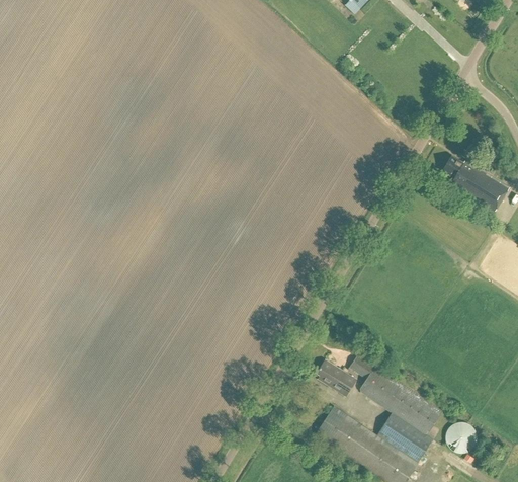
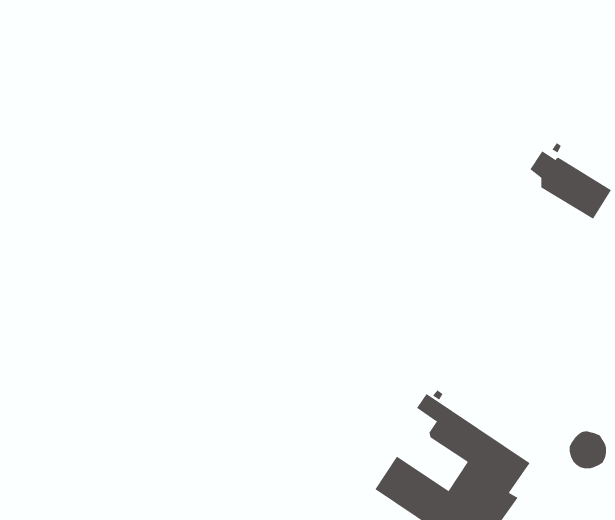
building: [316,359,354,396] -> none
building: [444,421,476,453] -> [569,431,607,469]

